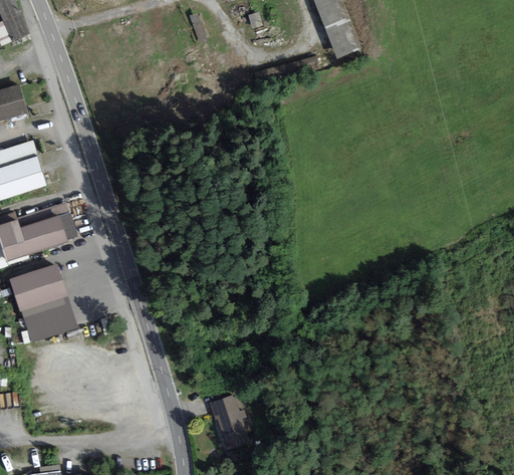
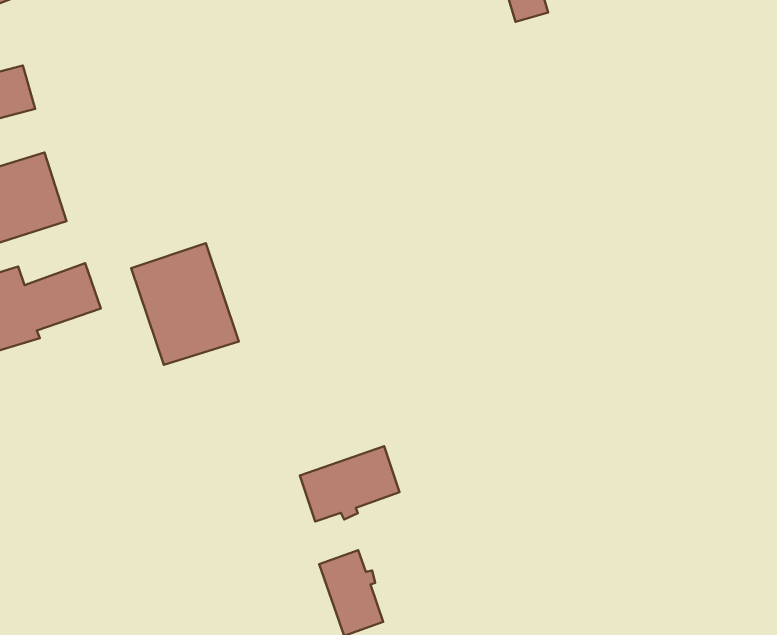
building: [8,262,77,340] -> [131,243,239,365]
building: none -> [300,446,399,521]

